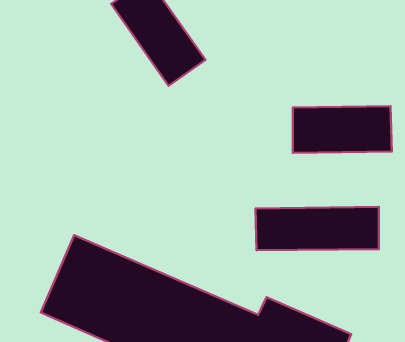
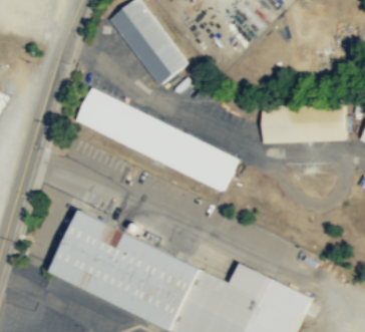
building: none -> [74,93,240,189]
building: [255,207,379,250] -> none

